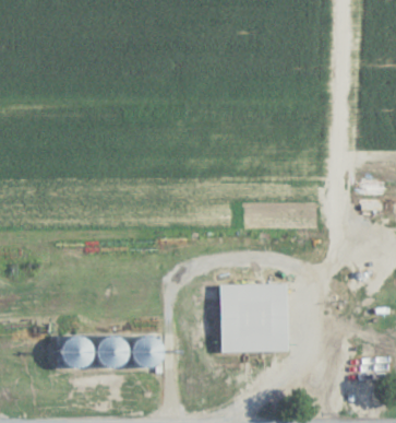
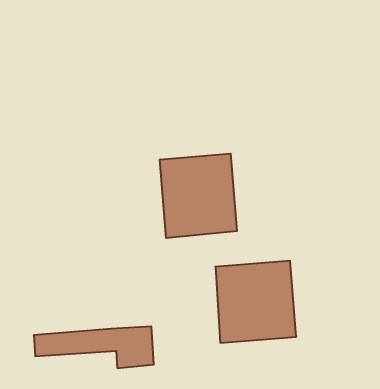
building: none -> [160,154,237,238]

